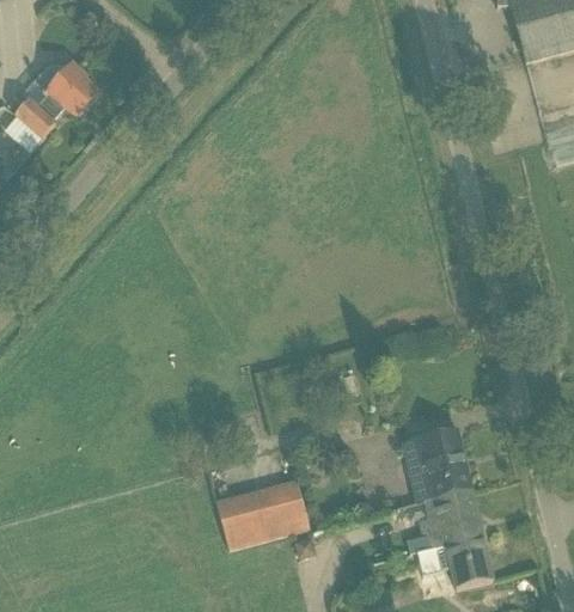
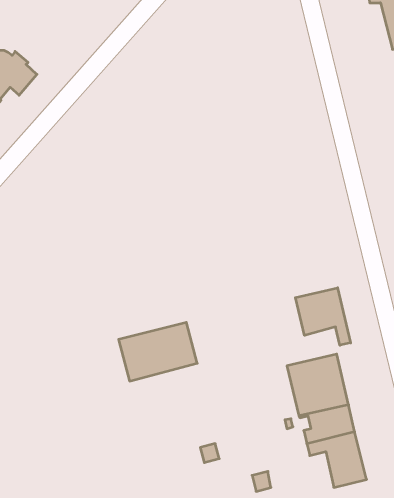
building: none -> [295,288,351,345]
building: [215,479,310,550] -> [119,322,197,381]

